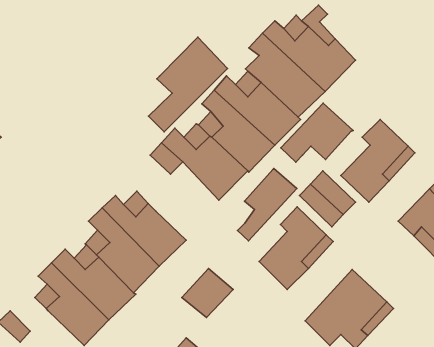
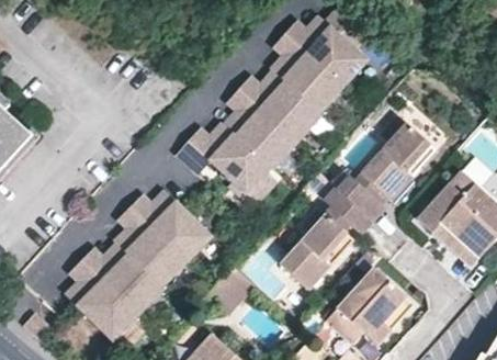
building: [149,37,227,132] -> none
building: [281,103,353,162] -> none
building: [238,168,297,241] -> none

